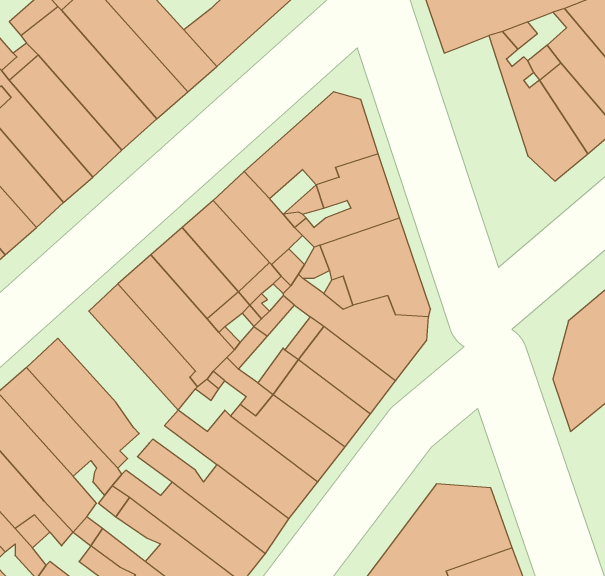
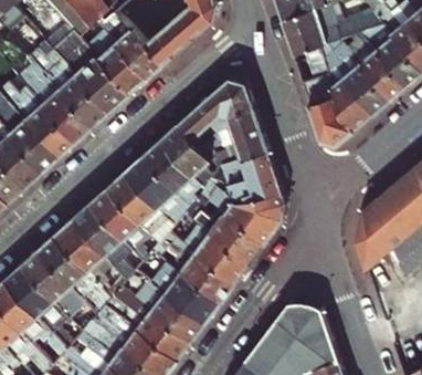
building: none -> [299,48,354,145]
building: none -> [71,205,130,280]

